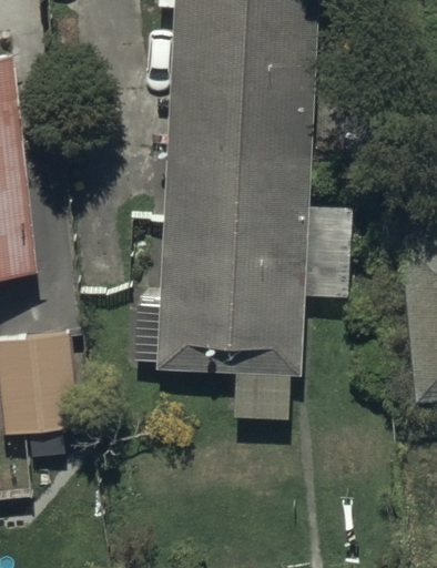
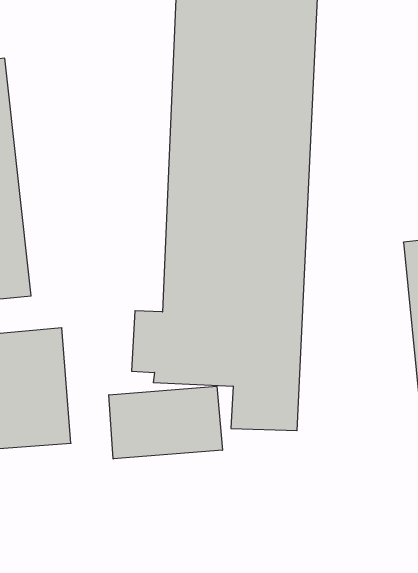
building: none -> [109,386,222,459]

